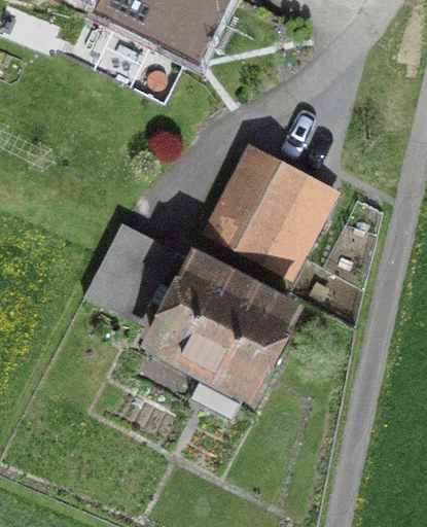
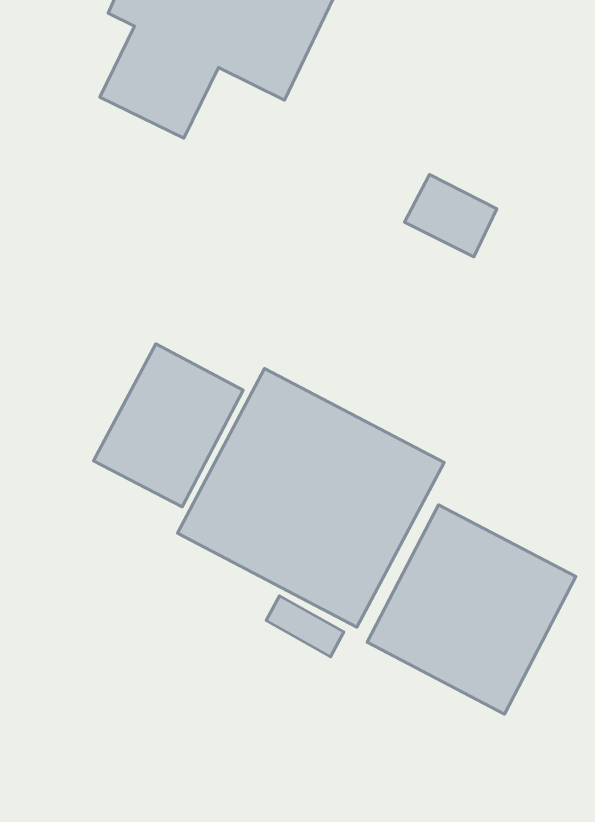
building: [200,143,341,283] -> none
building: none -> [367,505,576,714]

